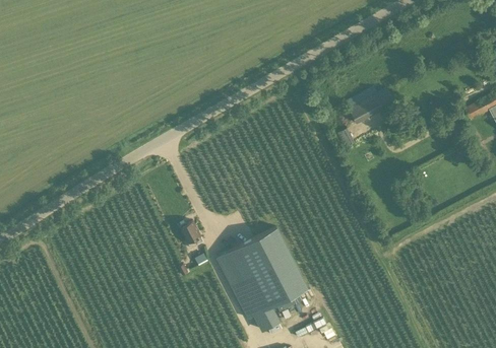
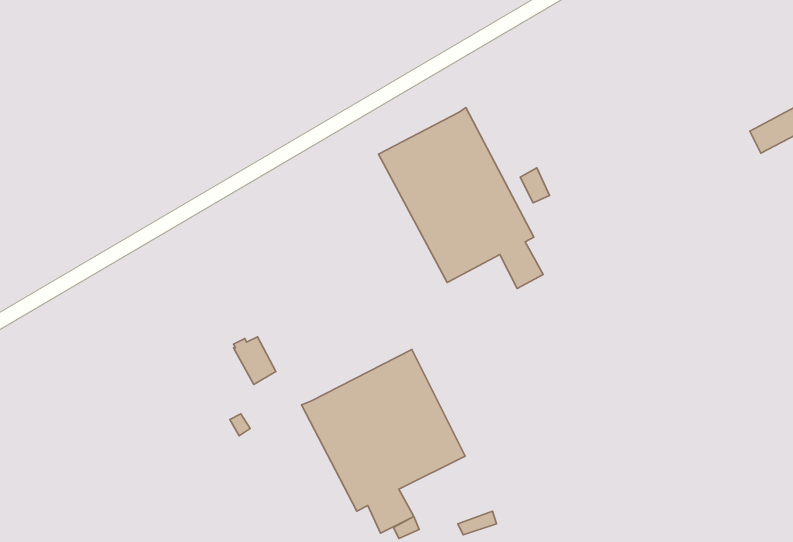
building: [349,88,385,124] -> none
building: none -> [378,107,543,288]

